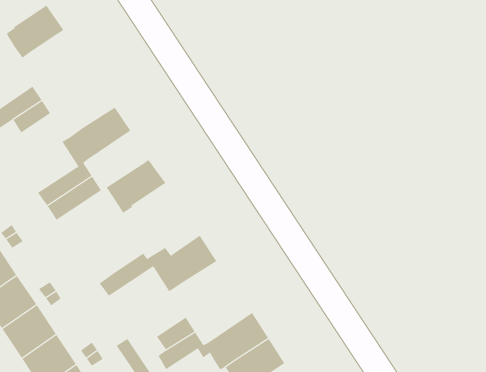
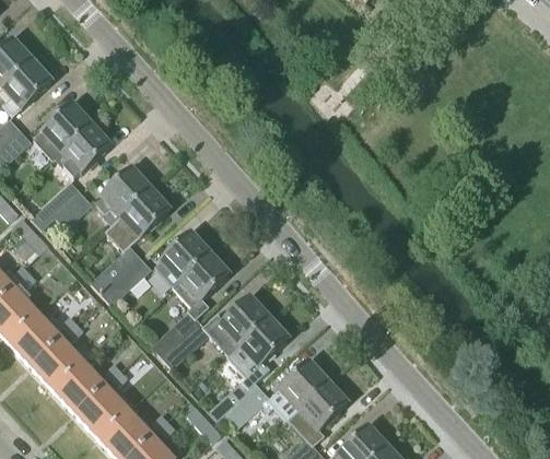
building: none -> [56,123,110,175]
building: none -> [94,167,150,223]
building: none -> [151,251,229,355]
building: none -> [239,317,288,372]

